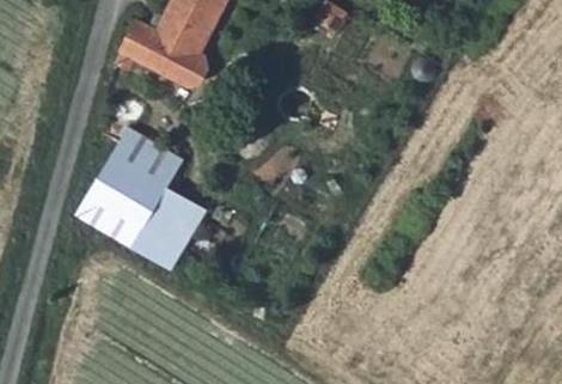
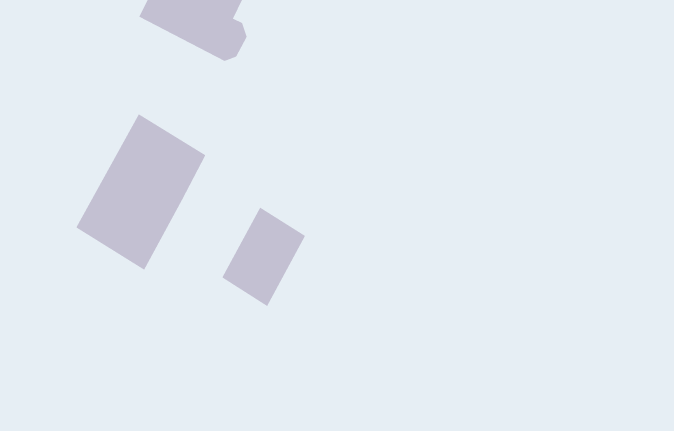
building: [132,193,197,270] -> [221,207,306,307]

